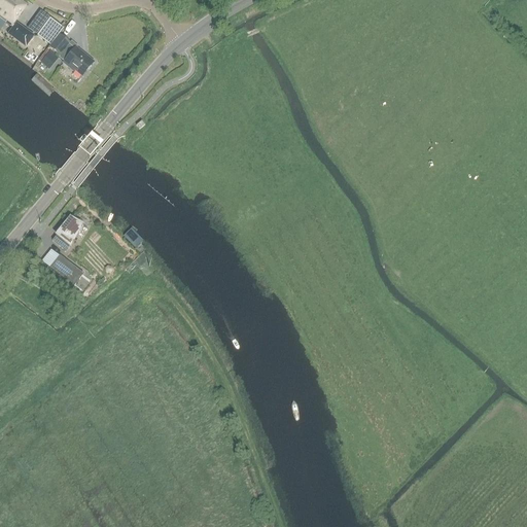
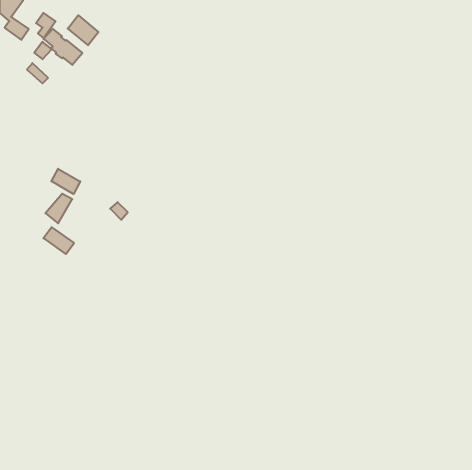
building: none -> [68,15,98,45]
building: none -> [51,169,80,194]

